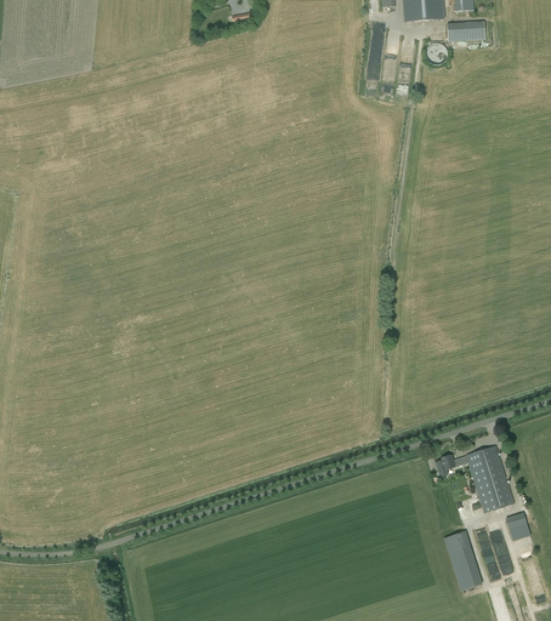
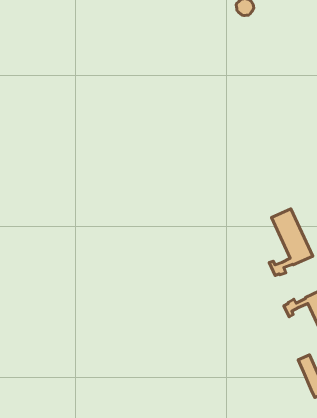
building: none -> [269,209,313,275]

